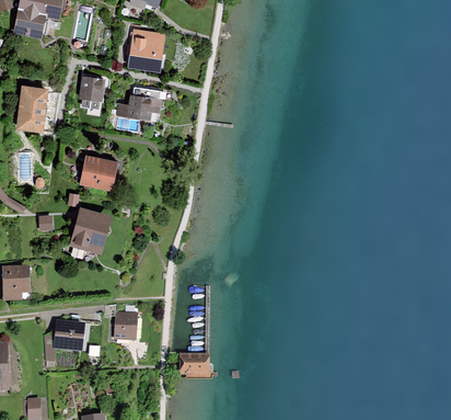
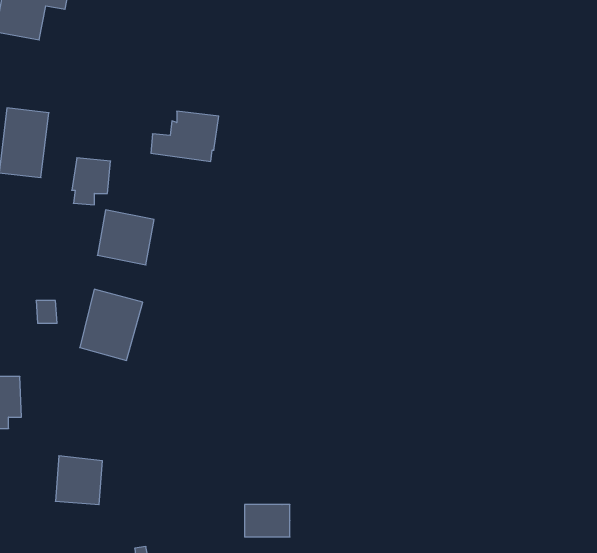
building: [130,31,159,69] -> none
building: [80,76,106,107] -> [72,158,111,205]
building: [115,311,139,341] -> none

